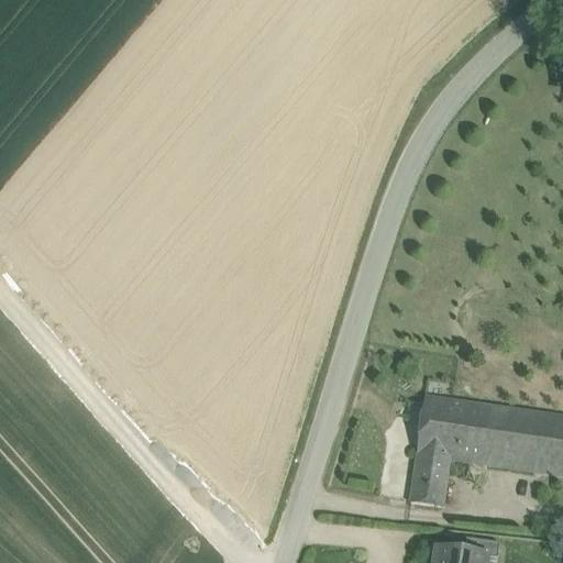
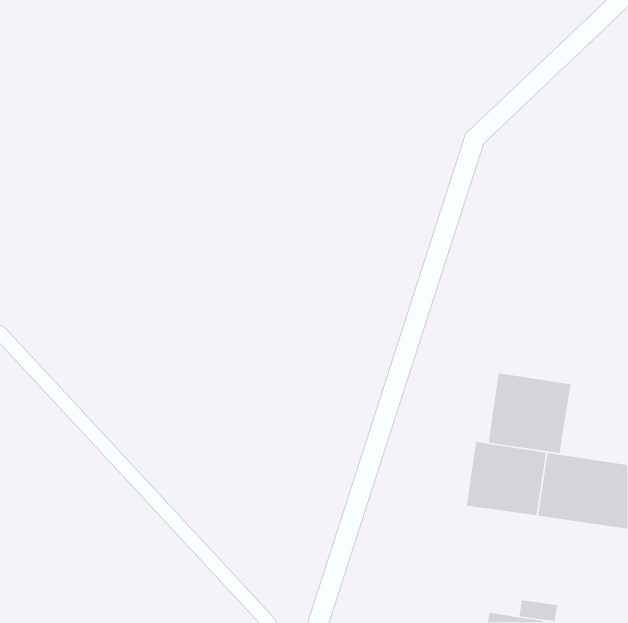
building: none -> [488,373,572,454]
building: [410,453,450,506] -> none

